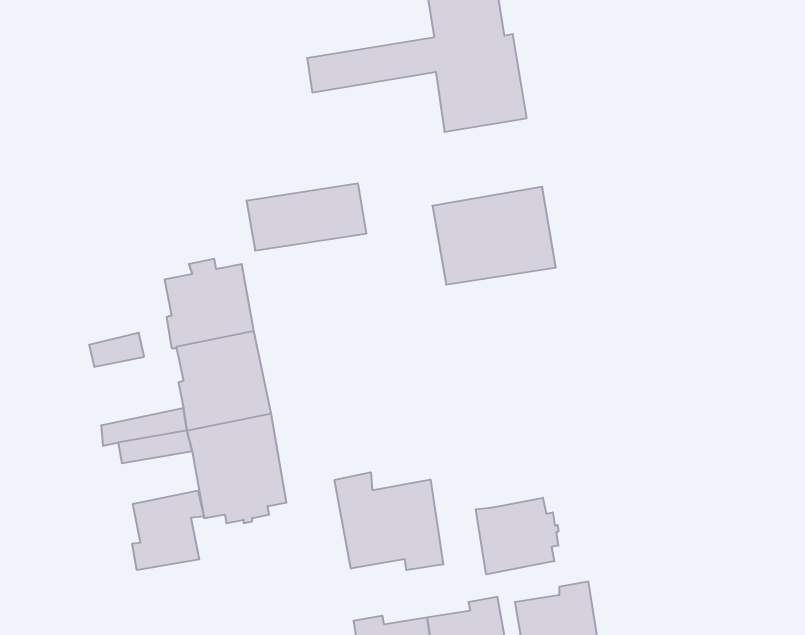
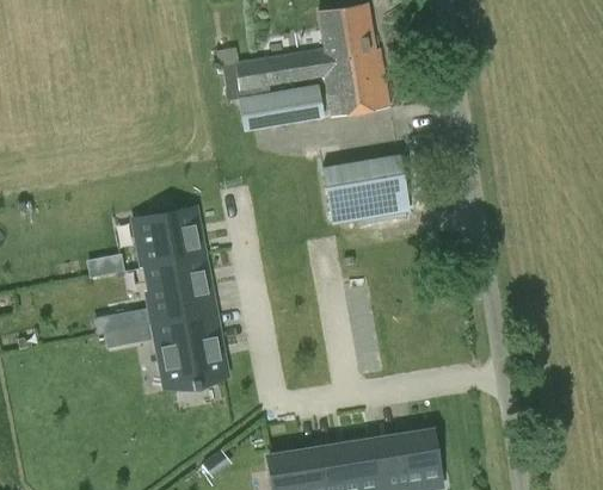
building: [246,184,367,251] -> [240,83,324,130]
building: [335,472,443,570] -> none
building: [132,491,204,570] -> none
building: [476,498,558,574] -> none

